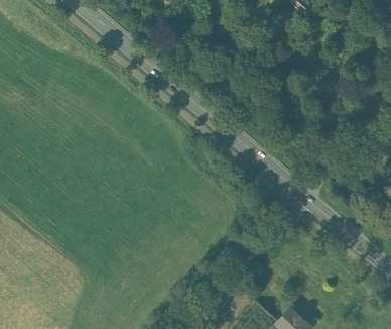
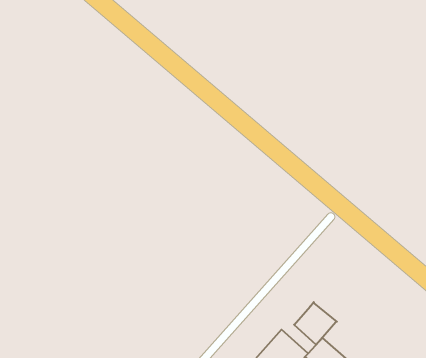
building: none -> [294,302,337,345]

